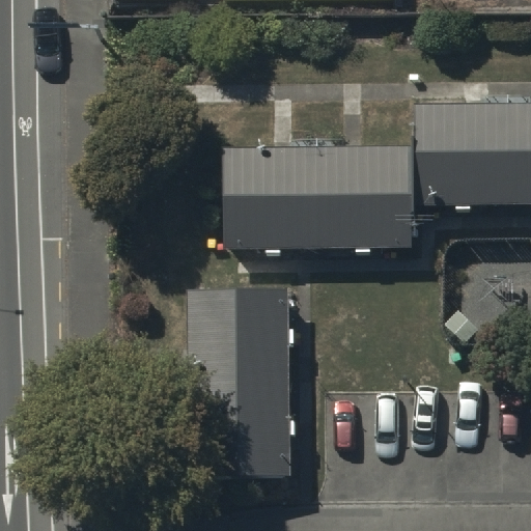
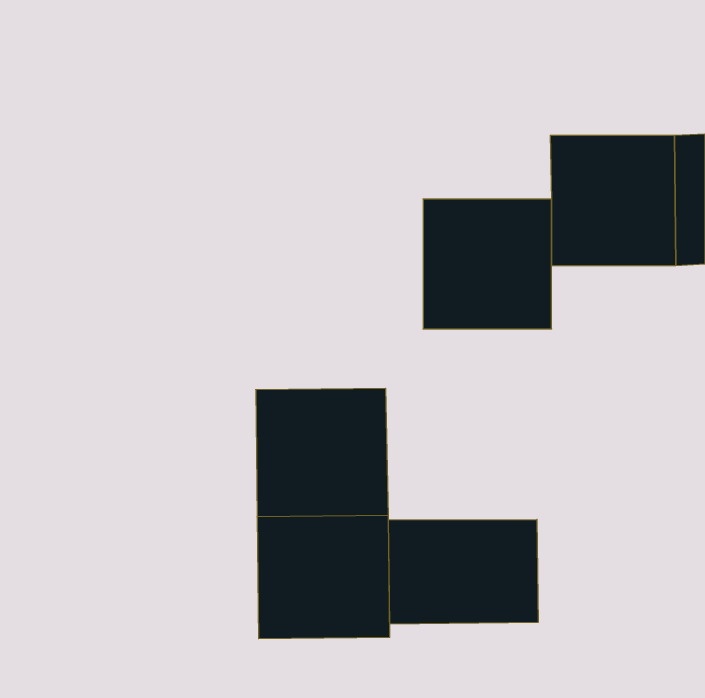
building: [225,149,317,248] -> none
building: none -> [389,519,538,624]

